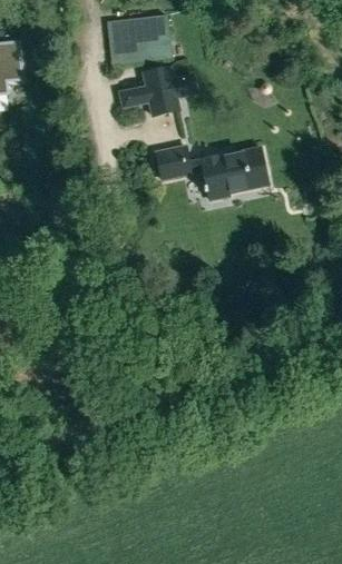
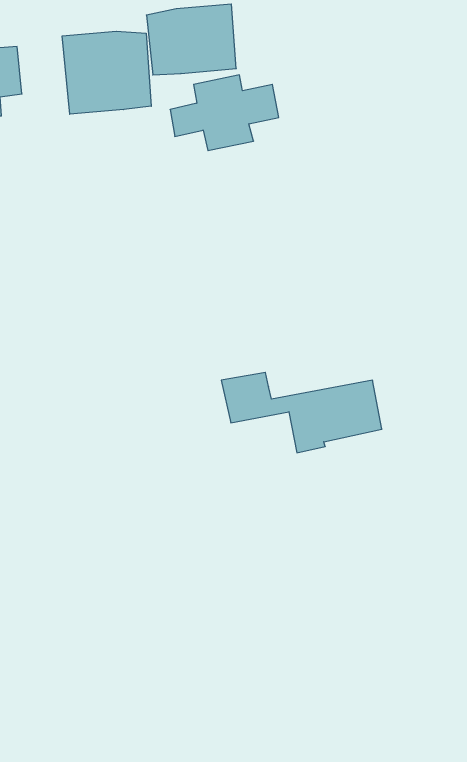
building: none -> [62,31,151,114]
building: [155,145,268,201] -> [221,372,382,453]

